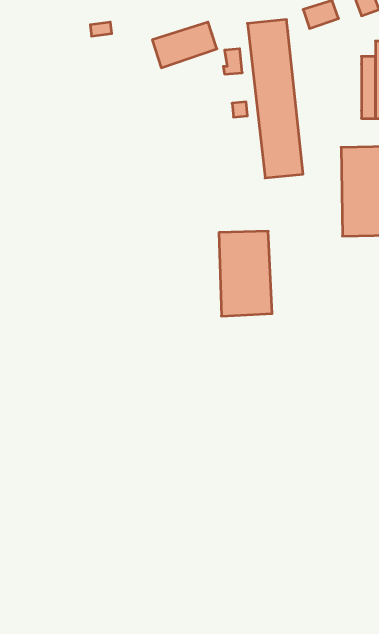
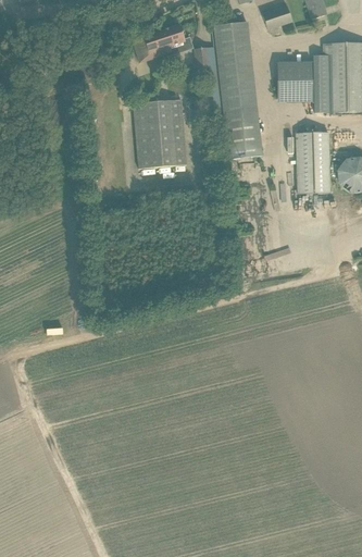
building: none -> [274,60,311,100]
building: [219,231,272,316] -> [138,98,184,171]

